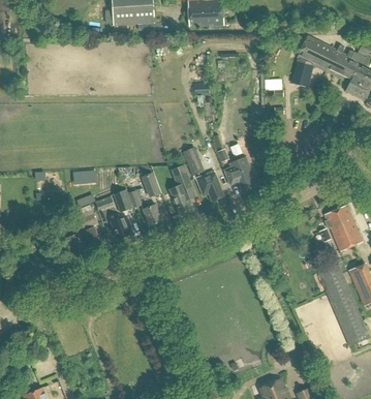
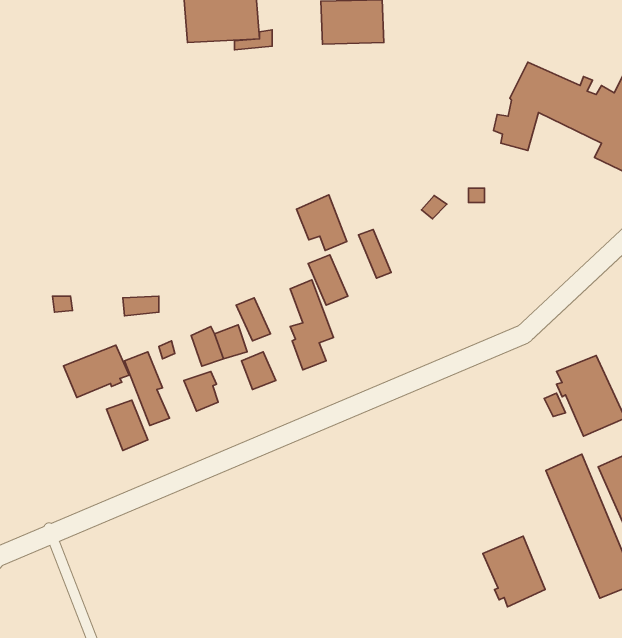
building: [224,157,254,189] -> none
building: [195,170,224,202] -> [296,195,347,251]
building: none -> [64,345,129,397]
building: none -> [483,536,545,607]

